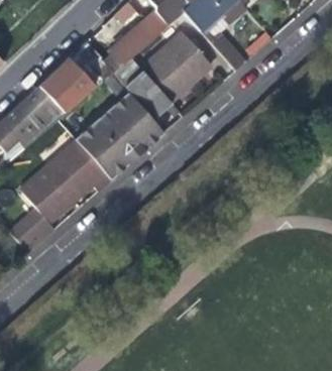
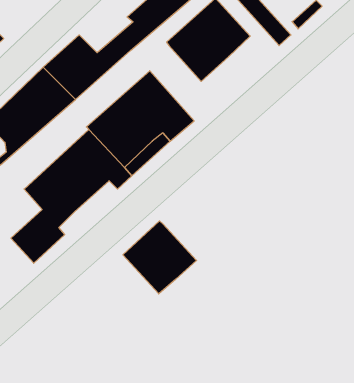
building: [125,69,174,118] -> none
building: none -> [123,221,197,294]

